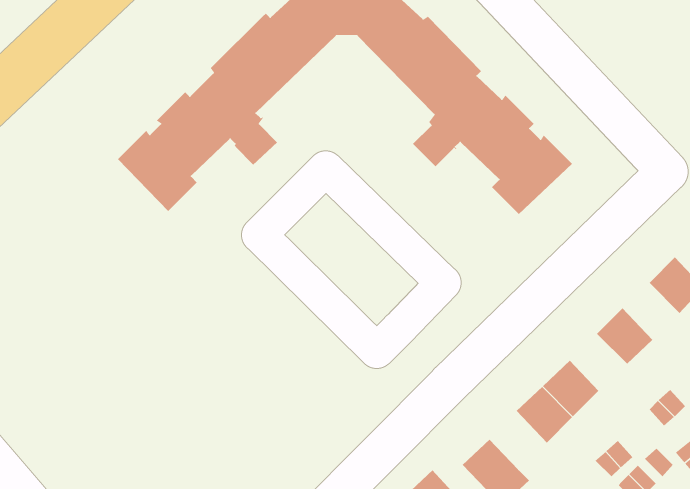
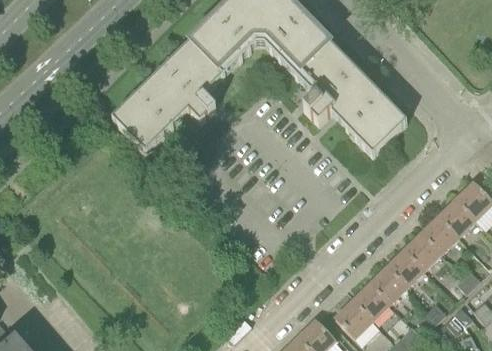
building: none -> [440,198,477,235]
building: none -> [406,231,443,268]
building: none -> [354,281,391,319]

